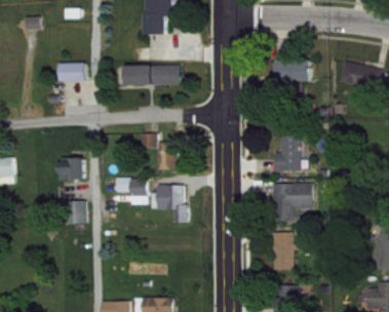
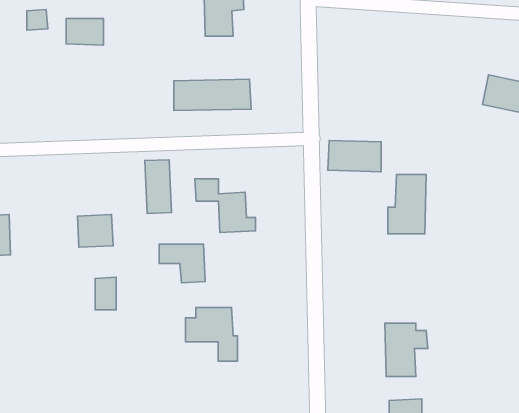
building: [273,60,310,81] -> [328,140,381,172]
building: [60,64,85,82] -> [66,19,103,45]
building: none -> [145,160,171,213]
building: [271,184,313,222] -> none
building: [151,186,187,223] -> [186,308,238,361]

